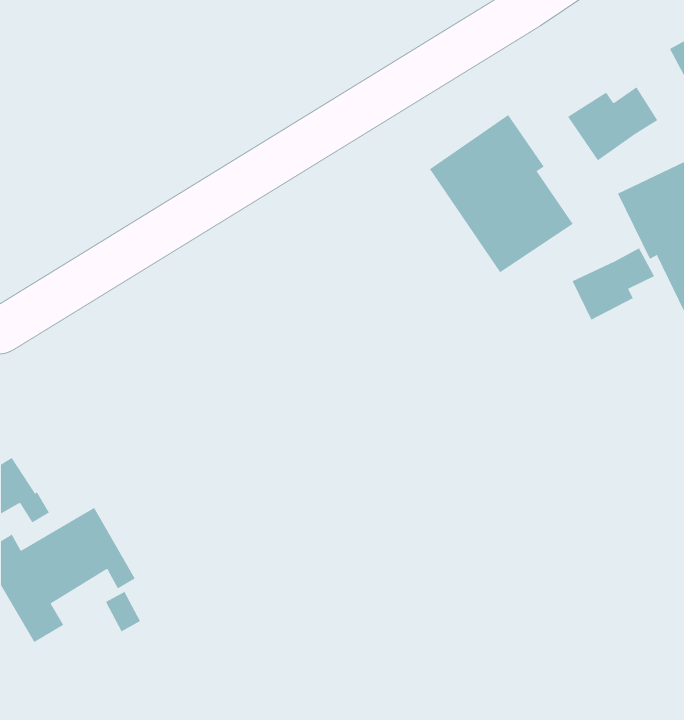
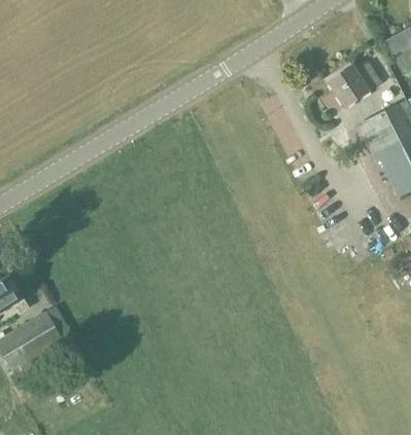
building: [429,114,573,273] -> none
building: [572,248,655,321] -> none

